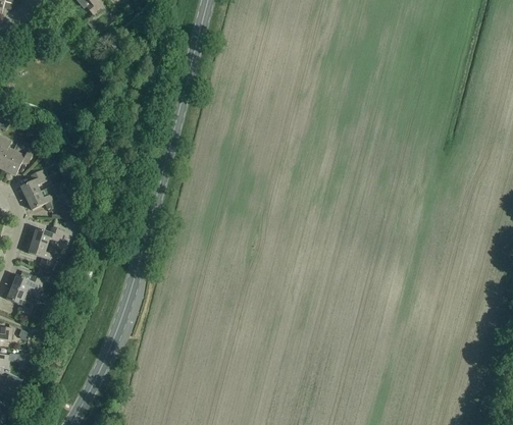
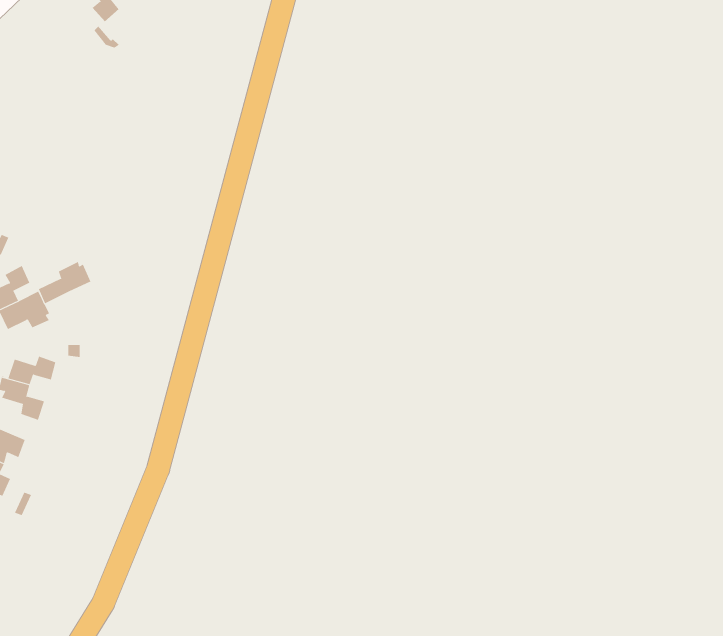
building: none -> [38,261,91,304]

